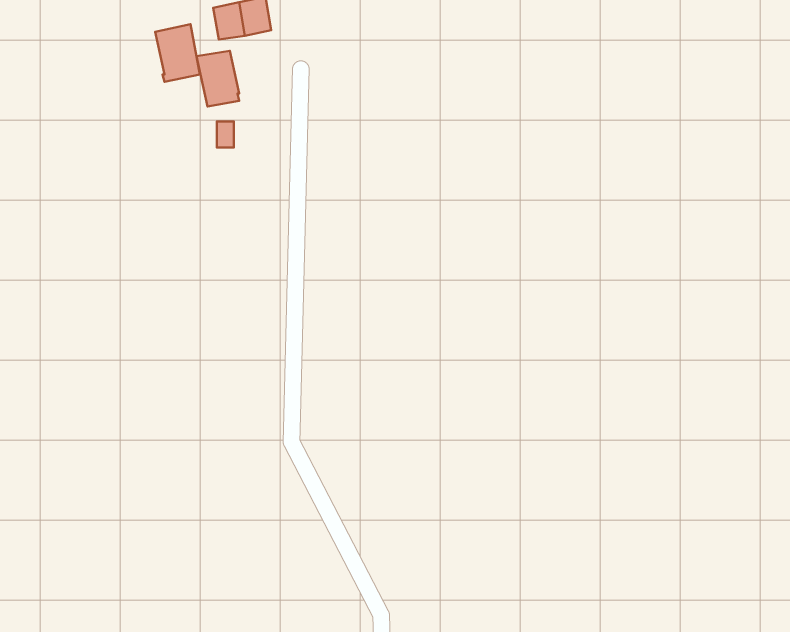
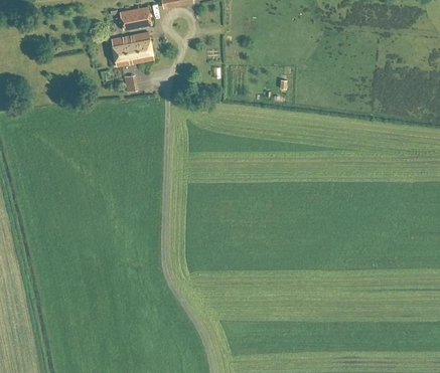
building: [155,24,200,82] -> [130,32,154,63]

